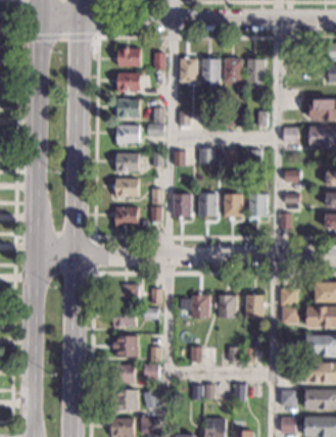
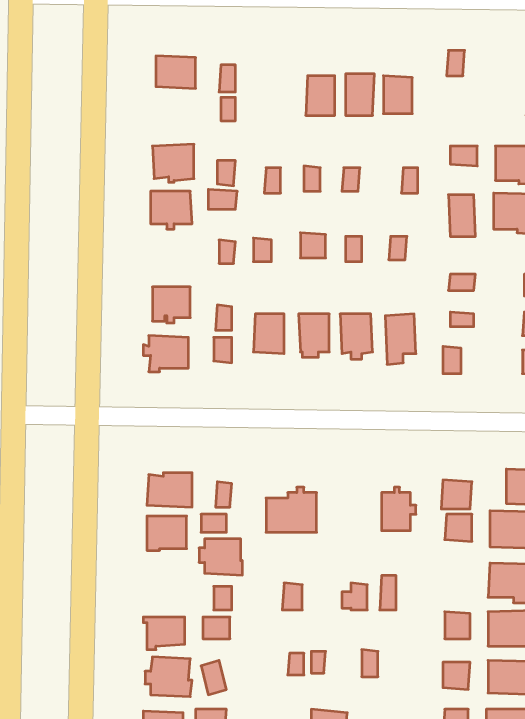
building: [179,59,196,82] -> none
building: [114,74,140,93] -> none
building: [115,153,138,174] -> none
building: [218,295,235,318] -> none
building: [112,336,137,356] -> [199,539,242,575]

